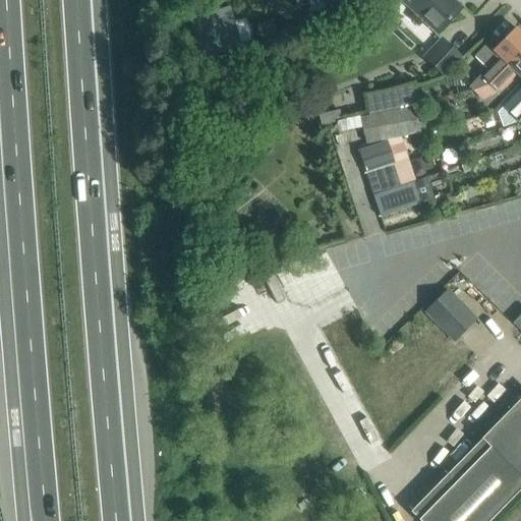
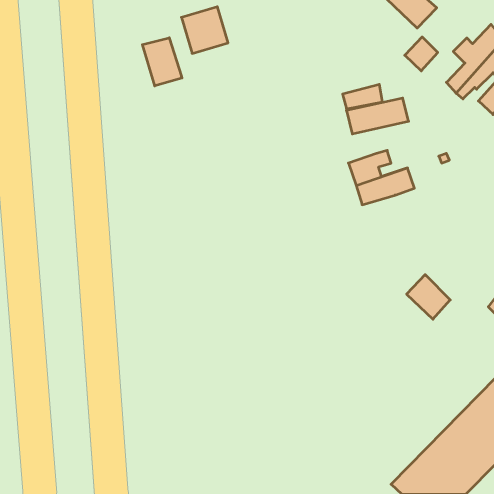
building: none -> [142,38,182,86]
building: [360,139,397,171] -> none

